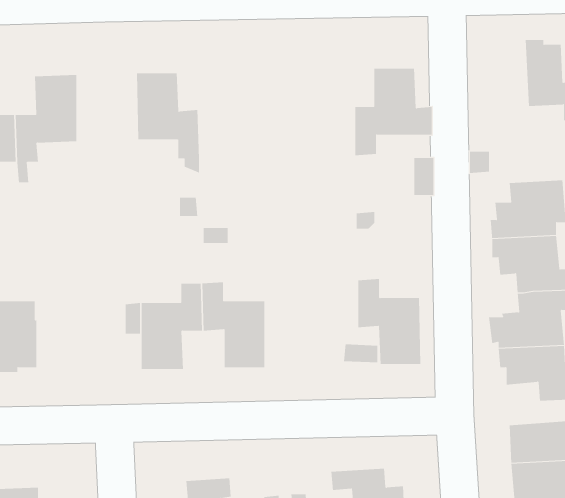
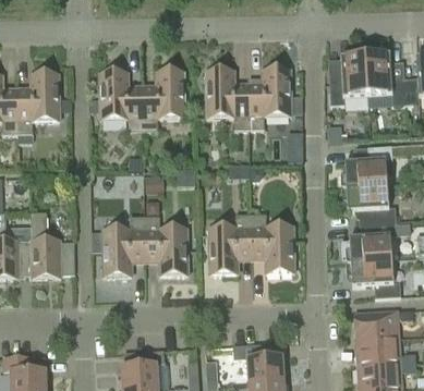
building: none -> [329,49,367,103]
building: none -> [205,70,249,129]
building: none -> [142,71,185,131]
building: none -> [31,210,74,277]
building: none -> [208,213,251,272]

